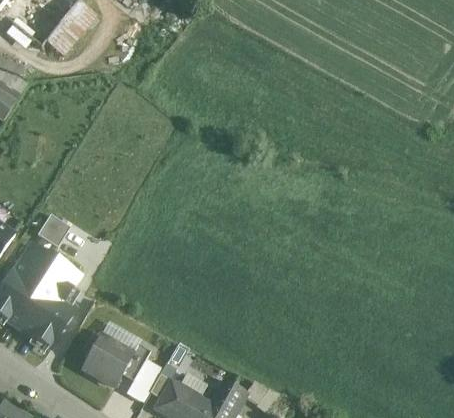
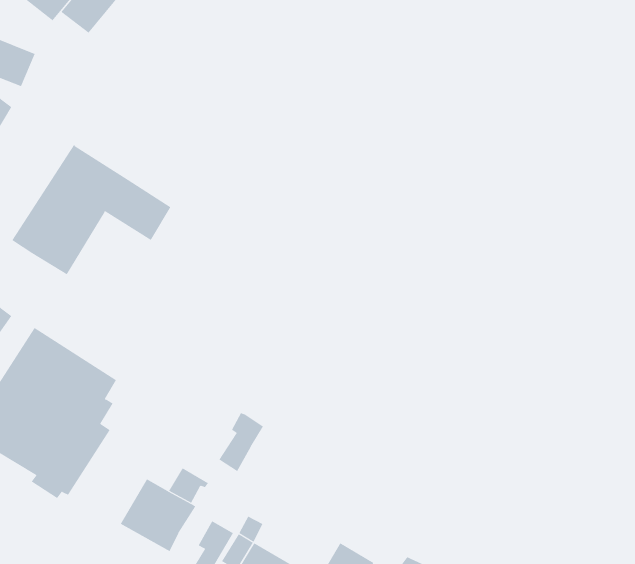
building: none -> [11,144,171,275]
building: [37,214,70,247] -> none
building: [122,344,151,382] -> [219,413,264,472]

